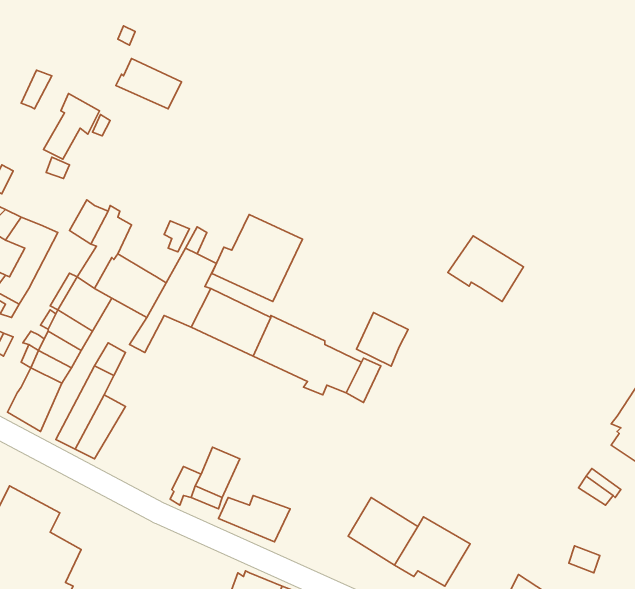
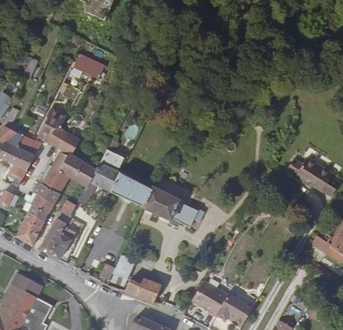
building: [43,93,99,159] -> [37,107,66,141]
building: [212,214,302,302] -> none
building: [448,236,523,301] -> [294,157,333,191]
building: [356,313,408,366] -> none

